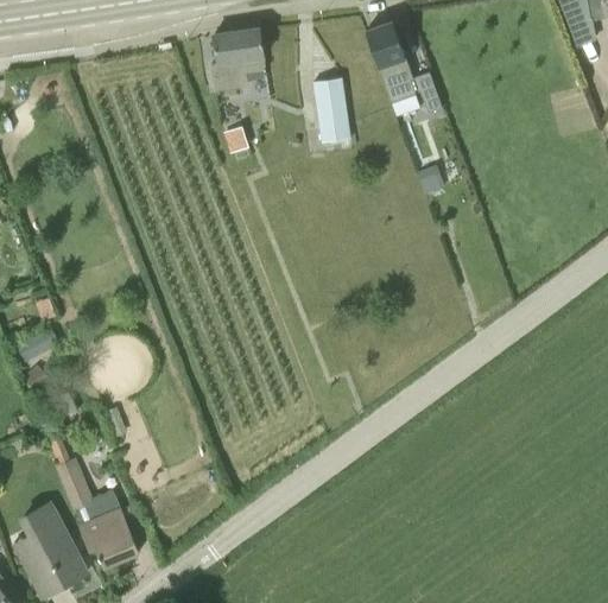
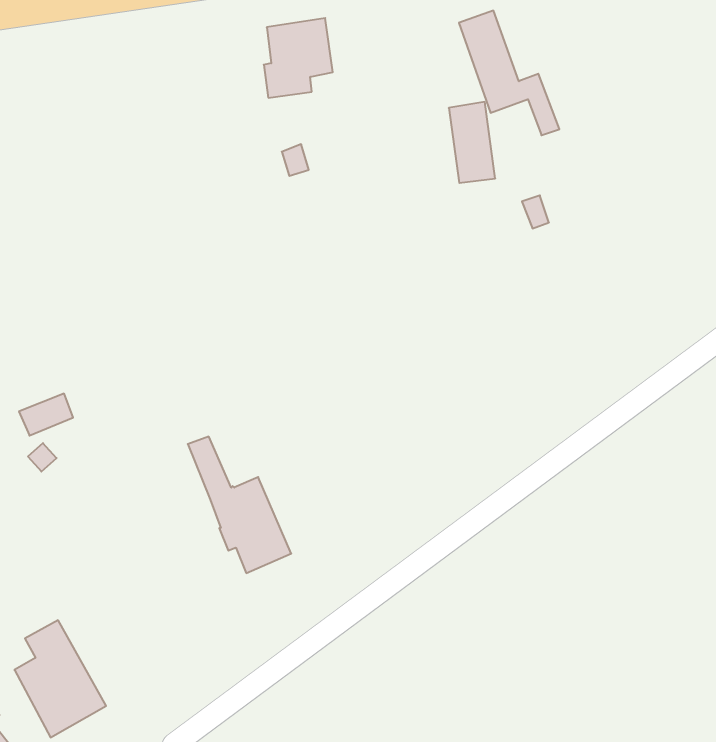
building: [314,77,350,141] -> [449,102,495,183]
building: [57,459,139,567] -> [188,437,291,573]

